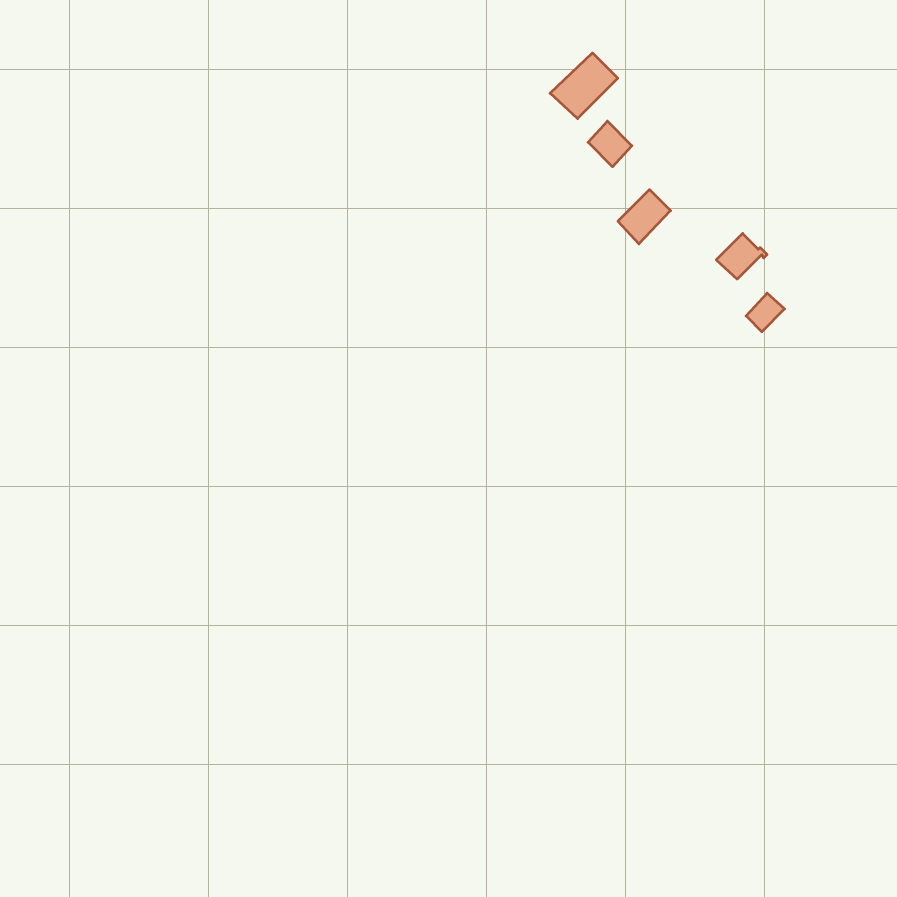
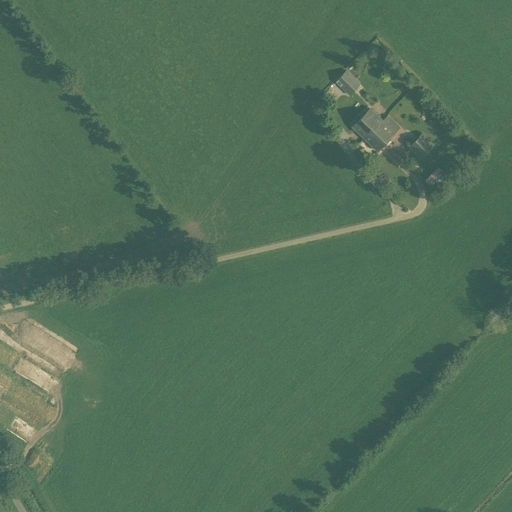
building: [550,53,618,119] -> none
building: none -> [364,120,395,152]

